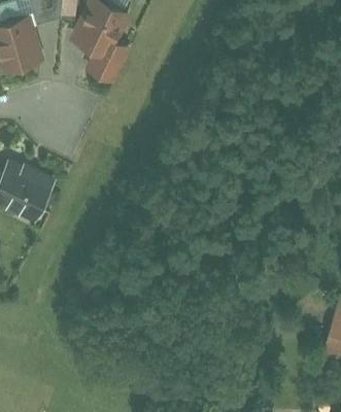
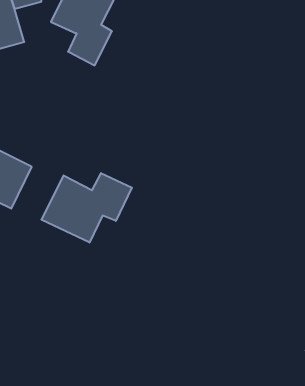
building: none -> [41,173,132,243]

